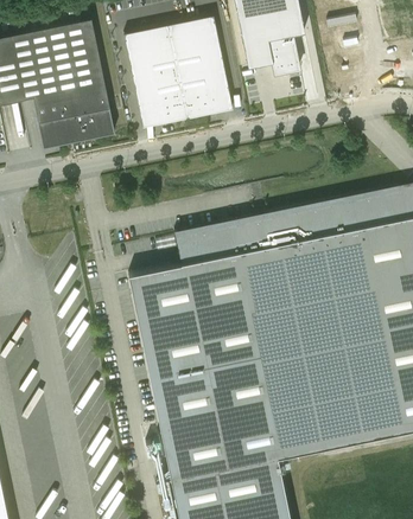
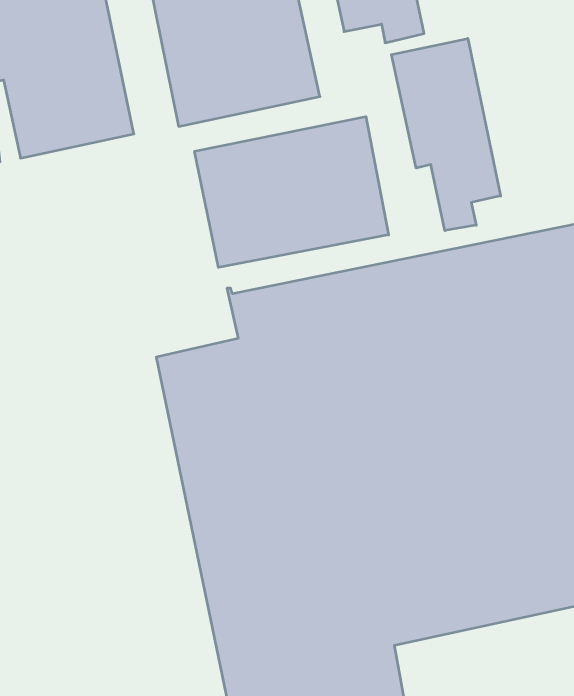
building: none -> [391,38,501,231]
building: none -> [195,117,389,267]

